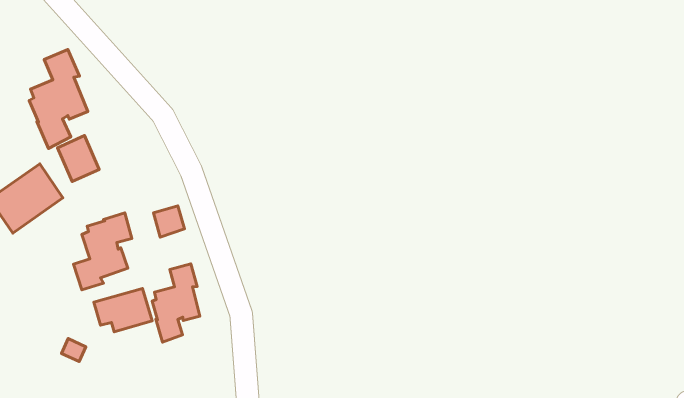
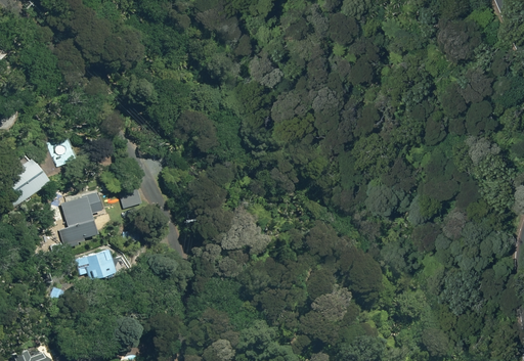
building: [29,49,88,148] -> none
building: [152,264,200,342] -> none

